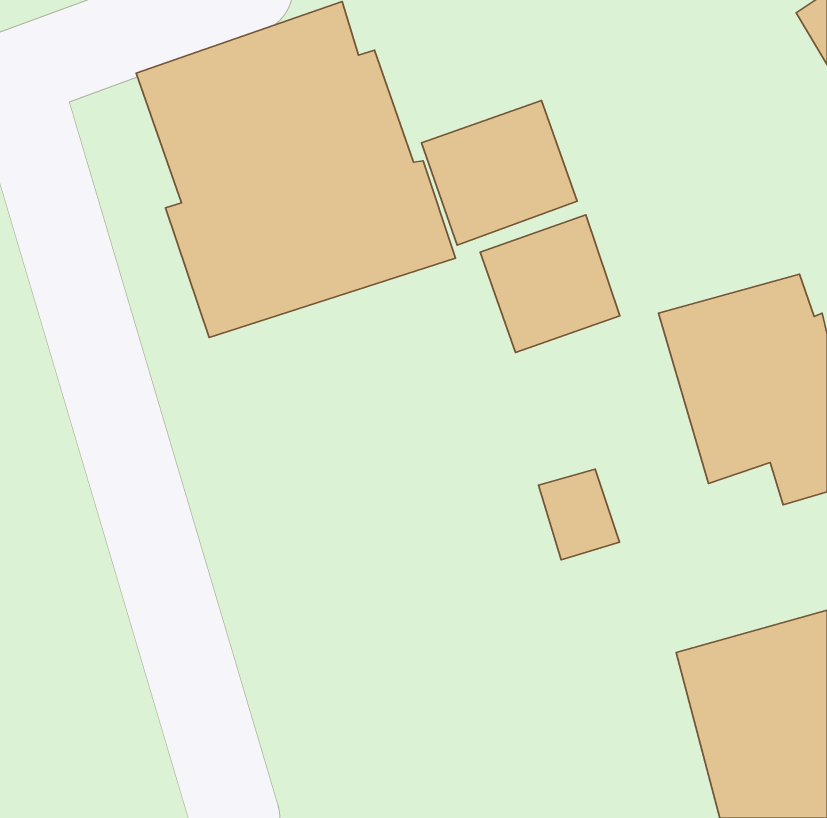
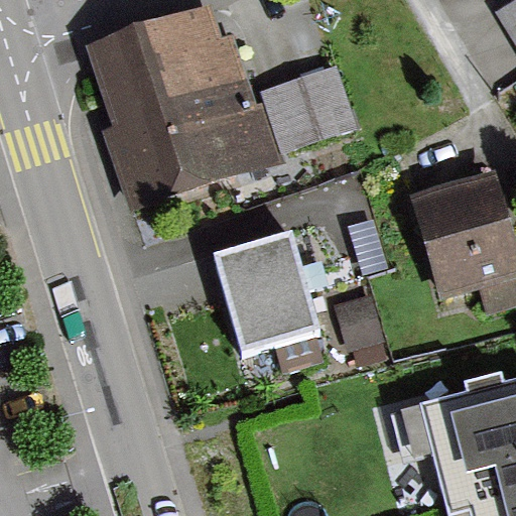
building: [480,215,620,352] -> none
building: none -> [213,232,322,355]

